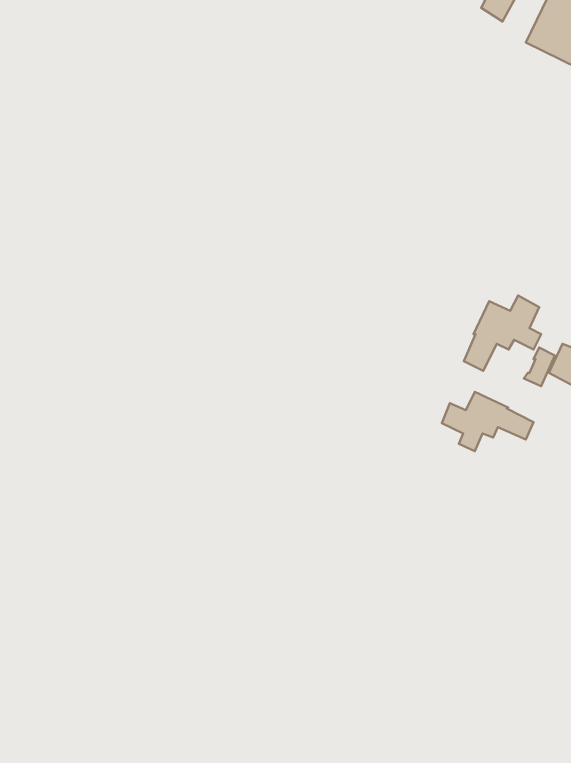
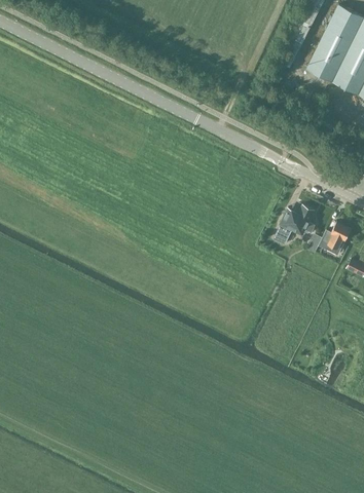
building: [442,392,534,451] -> none

